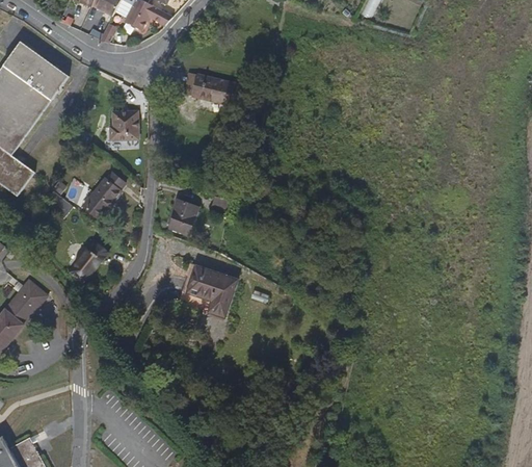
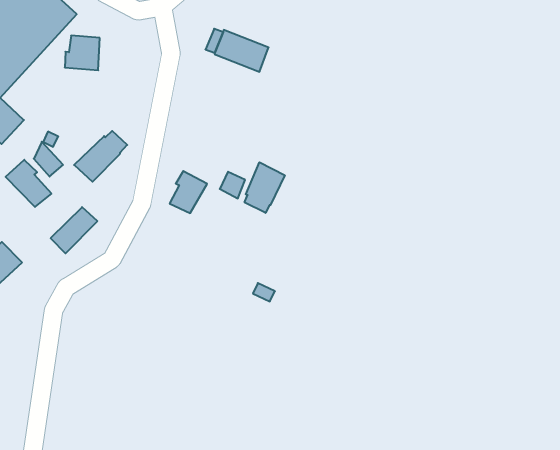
building: [108,110,138,139] -> [65,36,100,70]
building: none -> [245,162,285,213]
building: none -> [6,160,51,207]
building: [185,264,237,317] -> none

